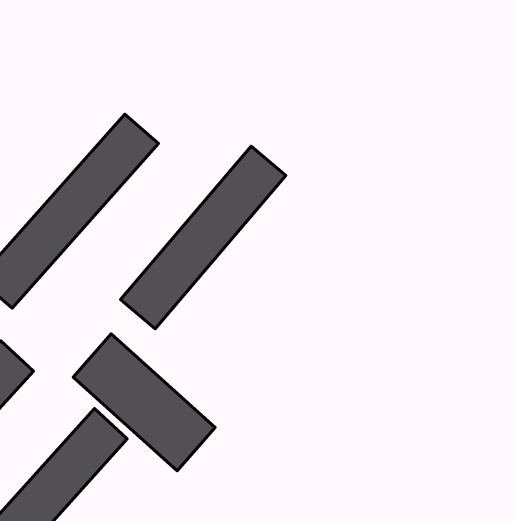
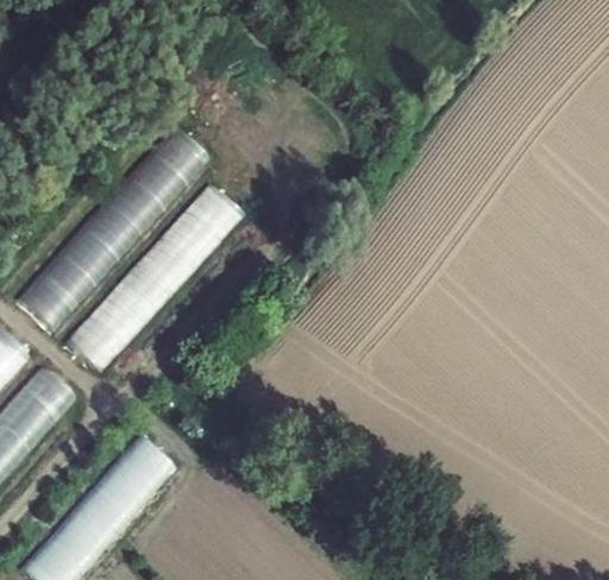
building: [120,146,286,329] -> [65,182,240,374]
building: [73,334,215,471] -> none

